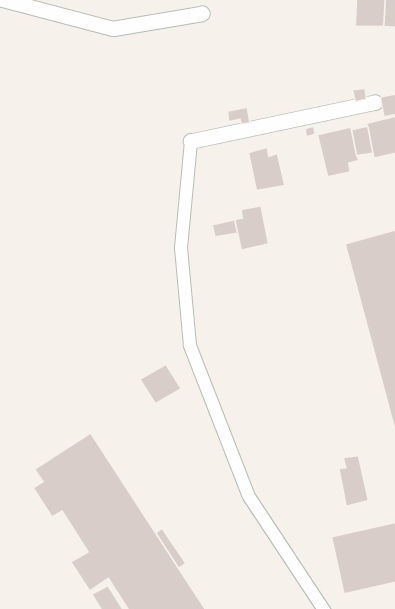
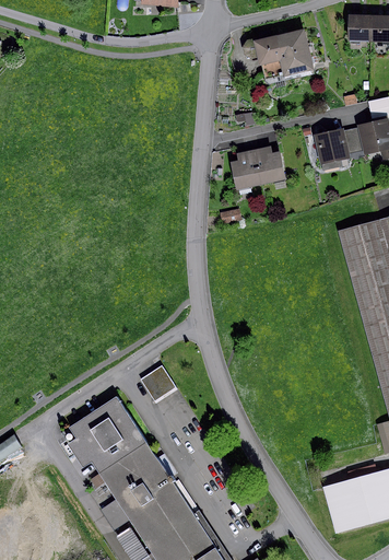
building: none -> [243,27,315,81]
building: [235,206,269,250] -> [232,150,261,188]
building: [140,365,181,403] -> [142,369,178,402]
building: [339,456,368,506] -> none

